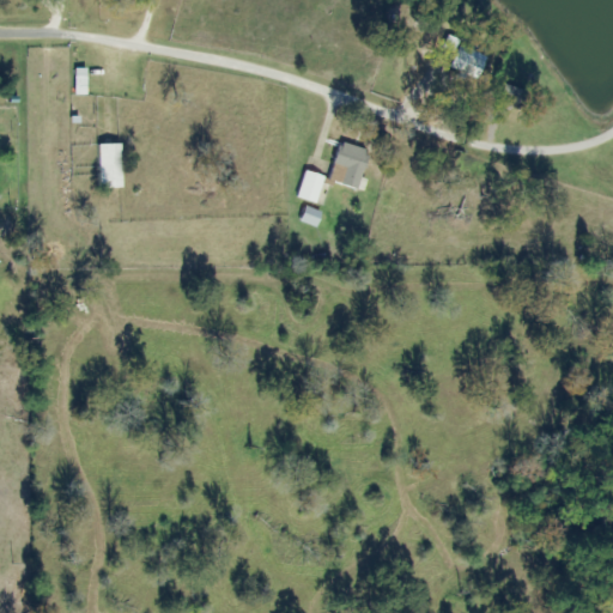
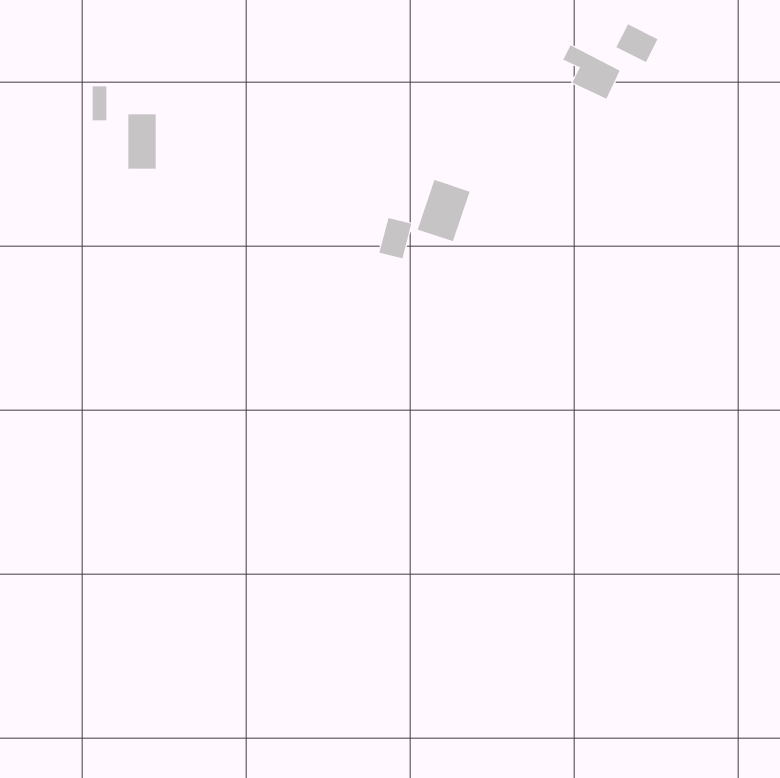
building: none -> [616,24,658,63]
building: [99,144,122,187] -> [128,114,157,169]

